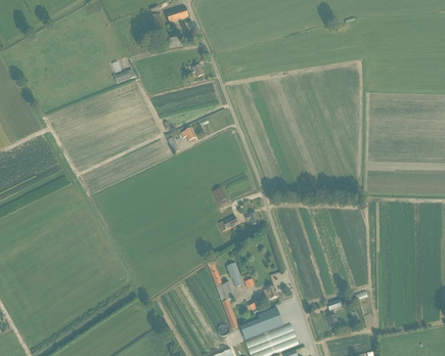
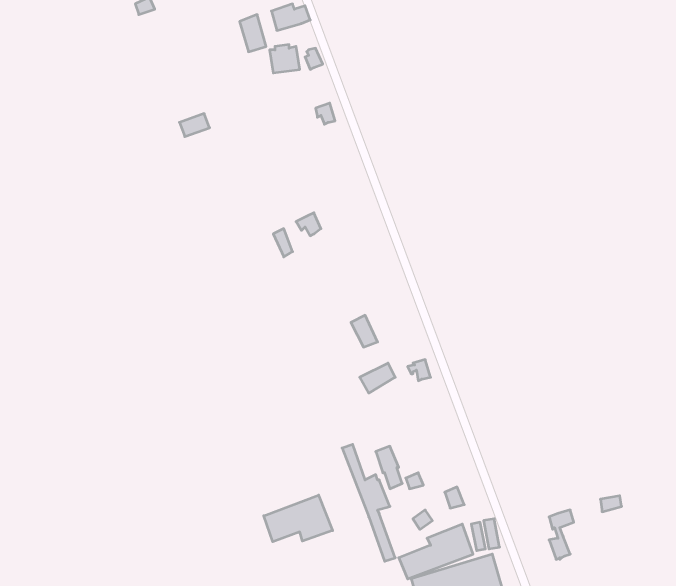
building: none -> [264,495,333,542]

